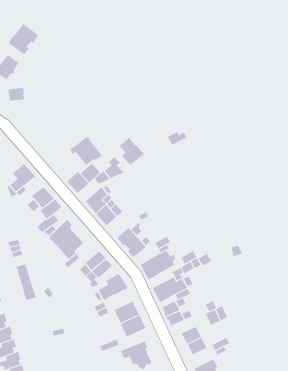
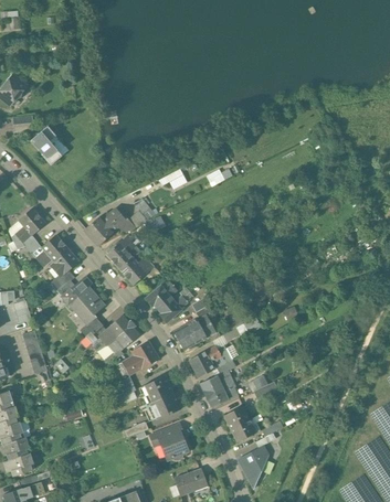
building: [8,23,39,55] -> none
building: none -> [30,126,62,165]
building: [69,136,103,166] -> none
building: [119,137,144,166] -> none

